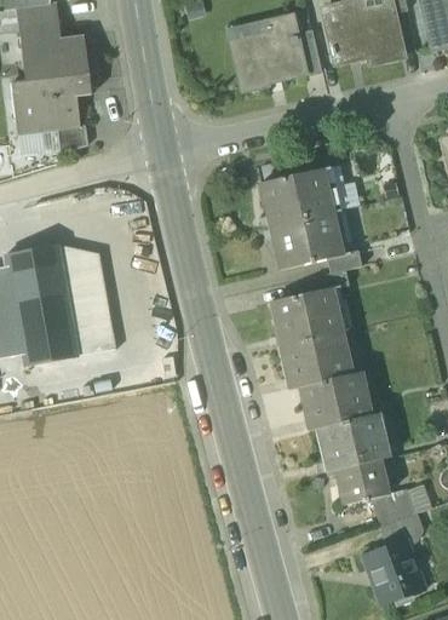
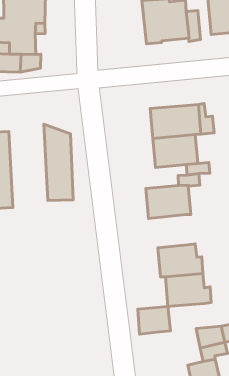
building: [57,243,115,355] -> [44,124,73,200]
building: [280,331,351,386] -> none
building: [335,458,387,504] -> [138,307,170,334]

